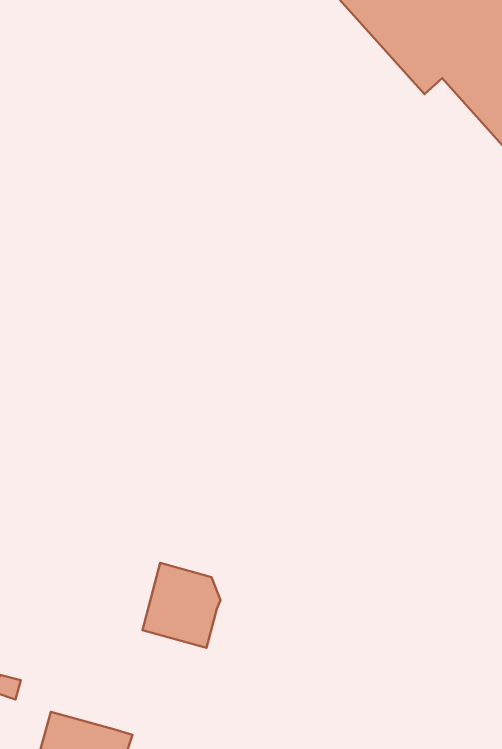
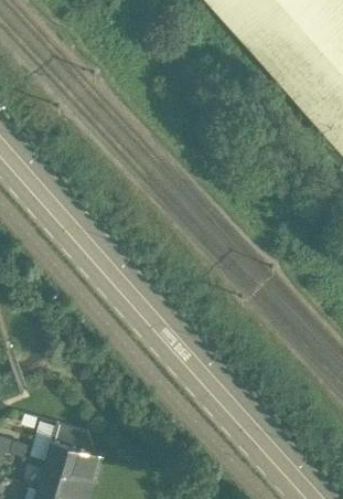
building: [143,563,221,648] -> [43,423,92,476]

